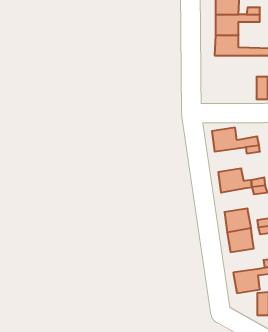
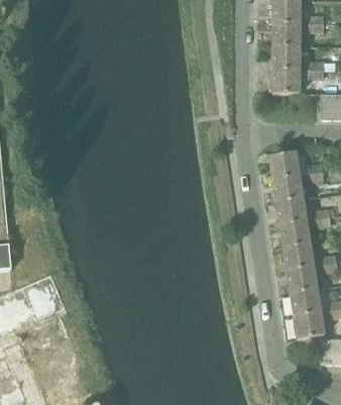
building: none -> [271,70,323,93]
building: none -> [271,175,302,202]
building: none -> [278,220,309,247]
building: none -> [290,289,320,316]

